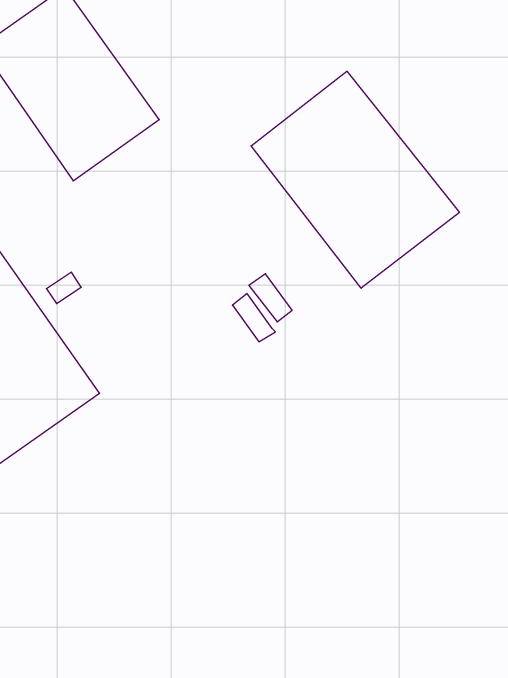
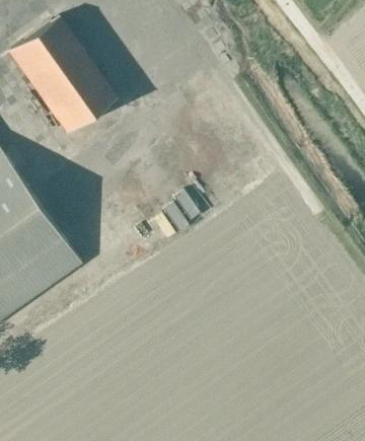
building: [251,71,459,288] -> none

